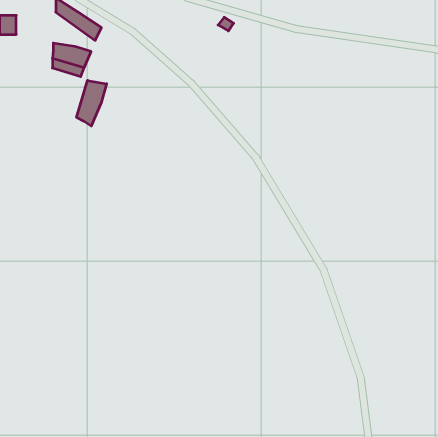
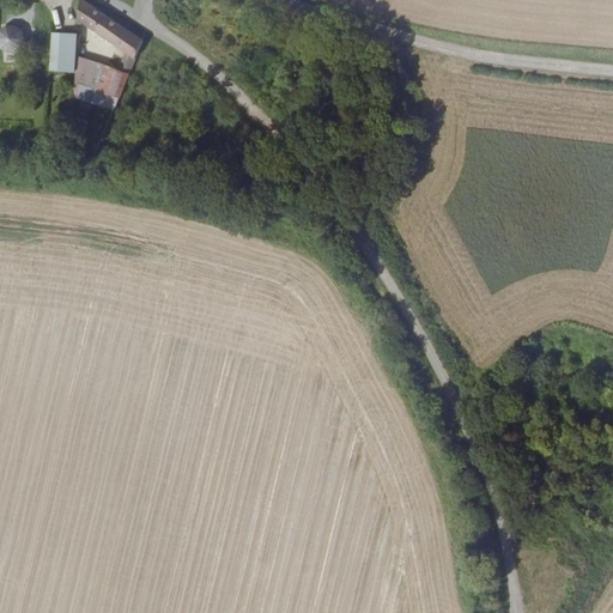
building: none -> [48,32,77,71]
building: [77,80,107,126] -> none

